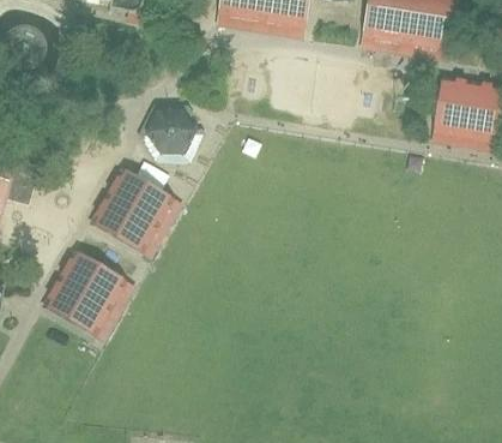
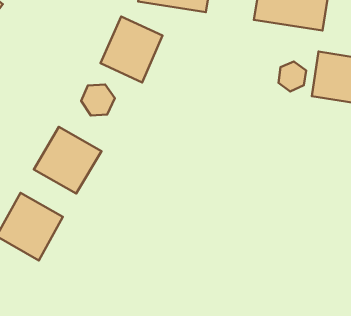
building: none -> [101,16,163,82]
building: none -> [279,61,306,91]

